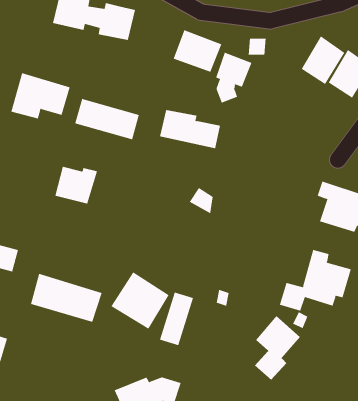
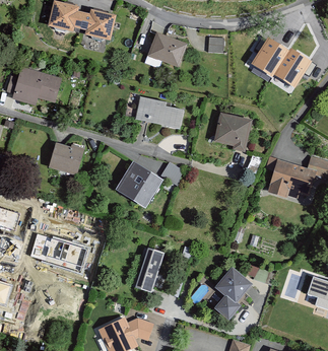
building: [215,52,252,104] -> none
building: [75,98,140,140] -> none
building: none -> [213,111,252,151]
building: [279,249,352,312] -> none
building: [111,272,170,329] -> [116,160,165,208]

